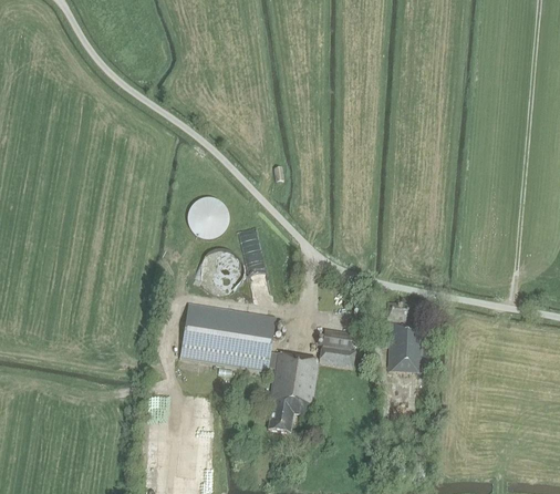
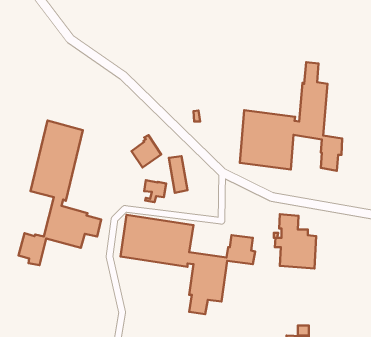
building: none -> [240,62,342,171]
building: none -> [18,120,101,265]

